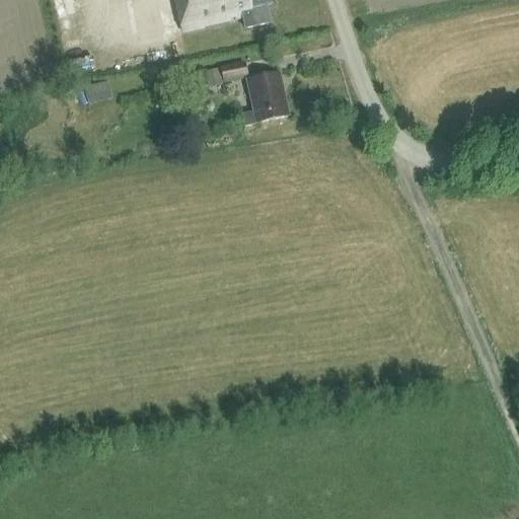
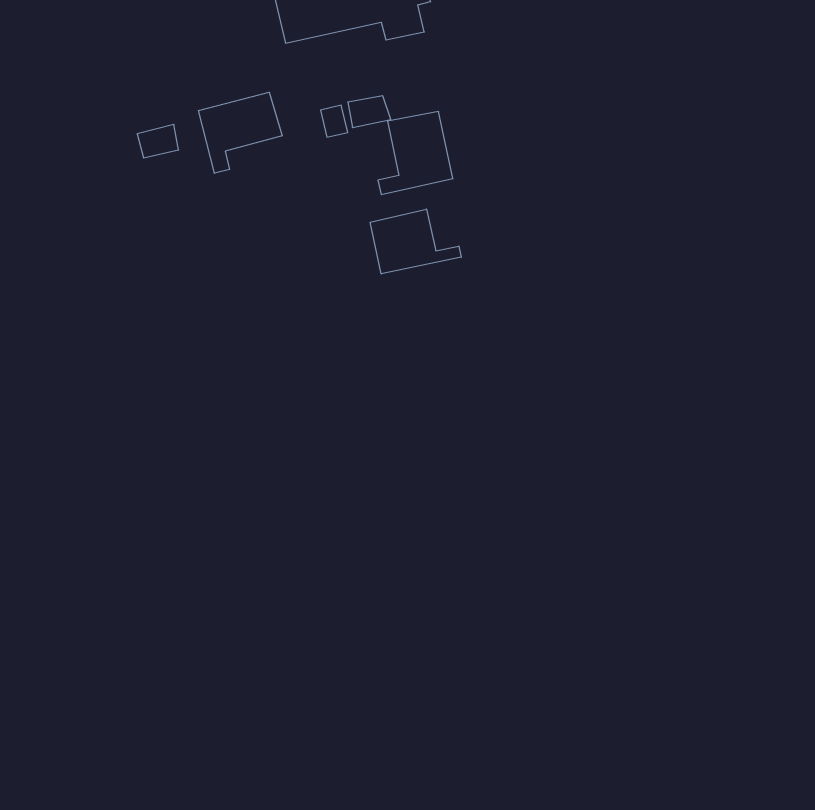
building: none -> [199,92,282,173]
building: none -> [370,209,461,274]

